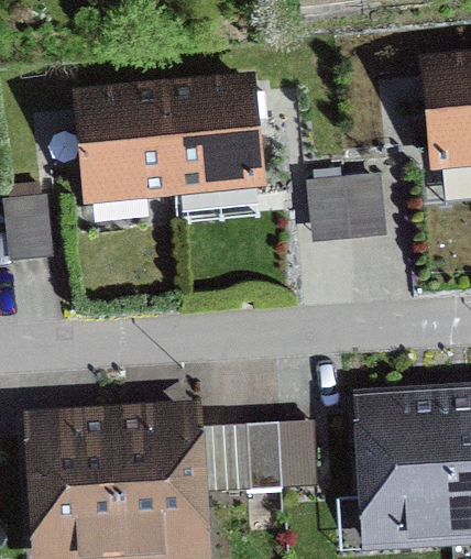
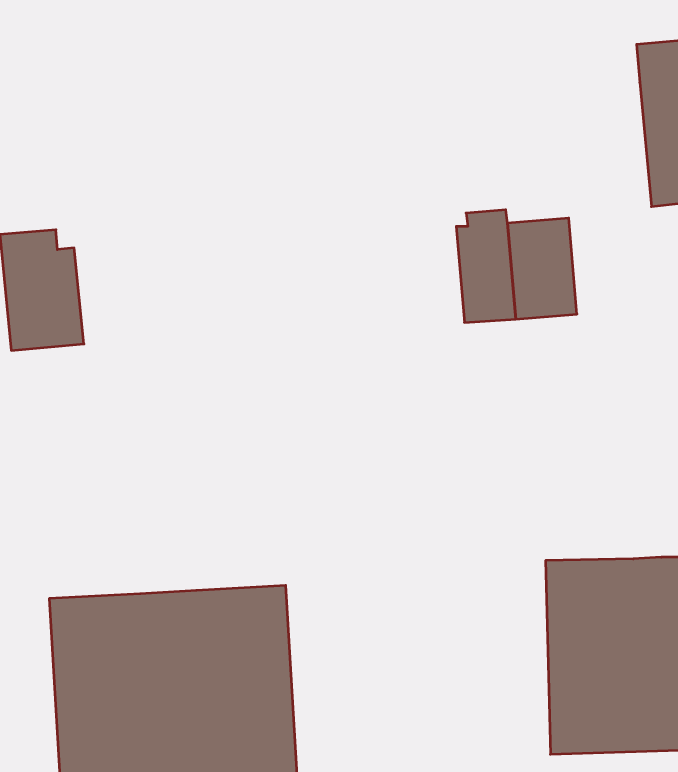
building: [84,78,254,195] -> none
building: [240,421,317,493] -> none

